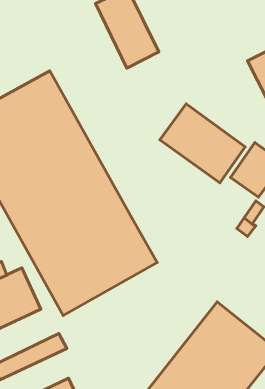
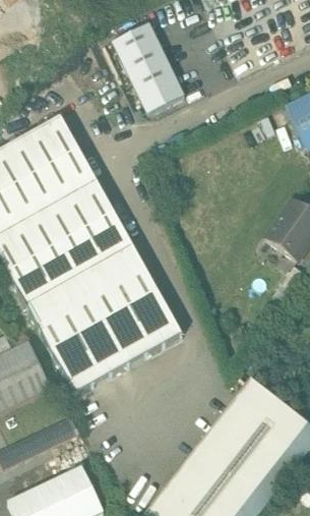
building: [160,104,245,183] -> none

